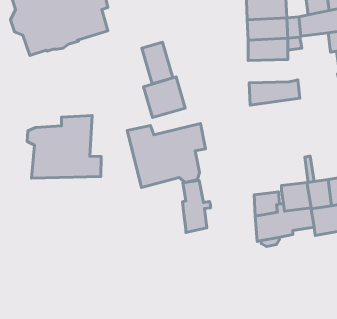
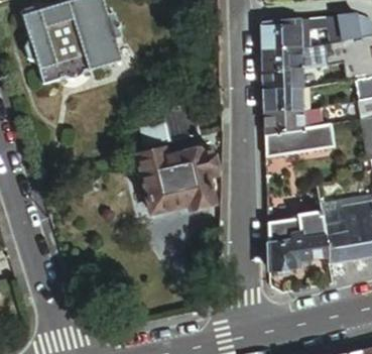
building: [142,42,173,84] -> none
building: none -> [262,86,307,111]
building: none -> [264,123,335,156]
building: [27,115,101,178] -> none
building: [183,180,211,233] -> none

